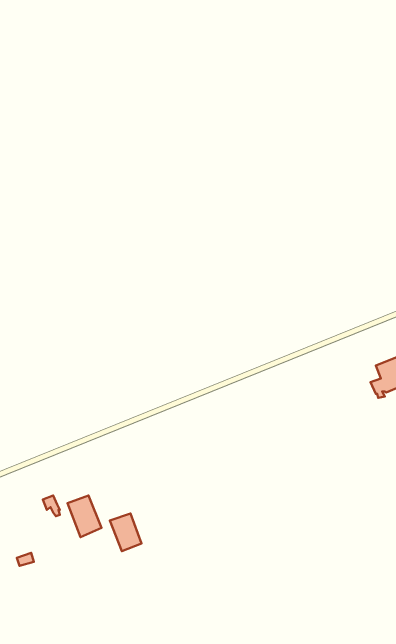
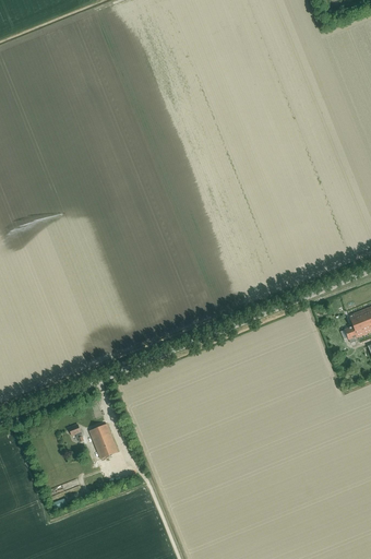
building: [110,514,142,551] -> none

